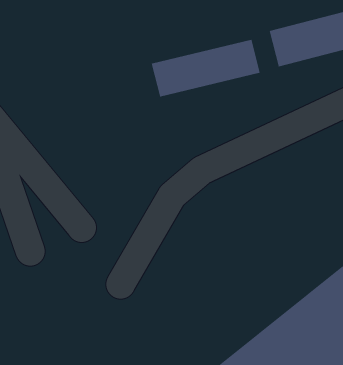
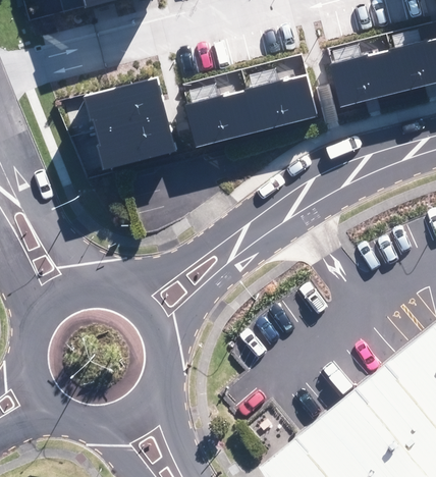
building: none -> [86,77,174,167]

